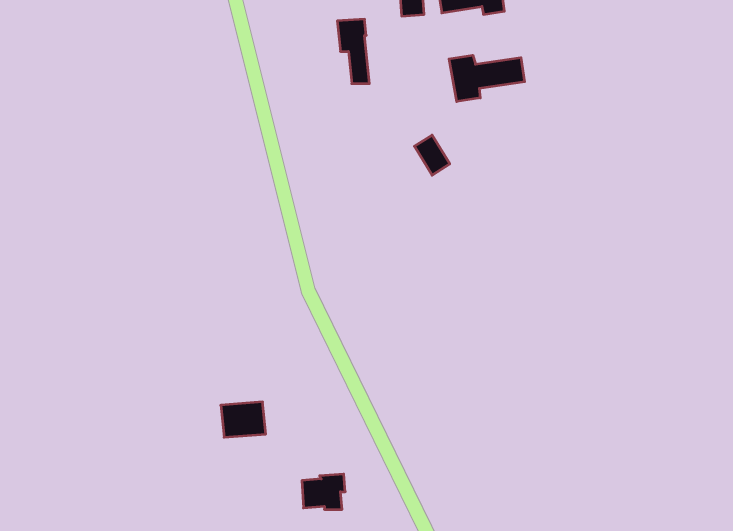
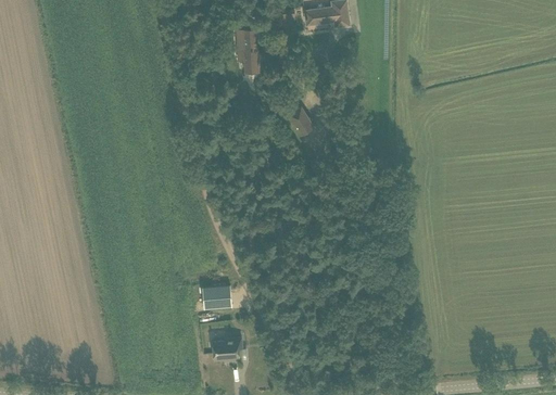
building: [449,55,525,102] -> none
building: [221,402,266,437] -> [201,285,231,309]

